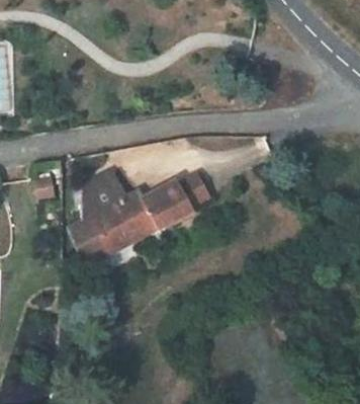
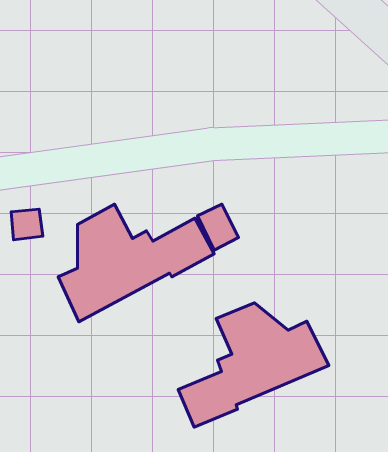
building: none -> [178,303,329,427]

